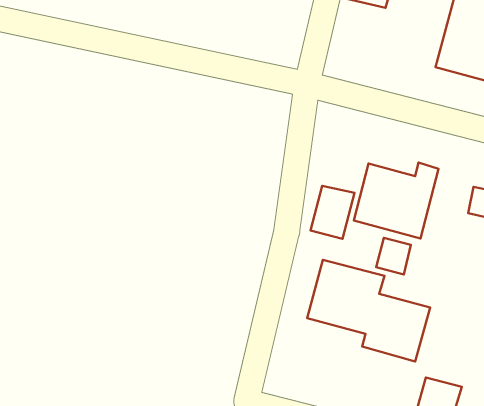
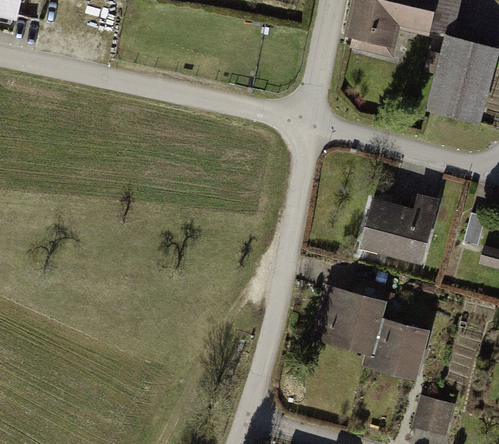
building: [310,186,355,239] -> none
building: [376,238,411,274] -> none

